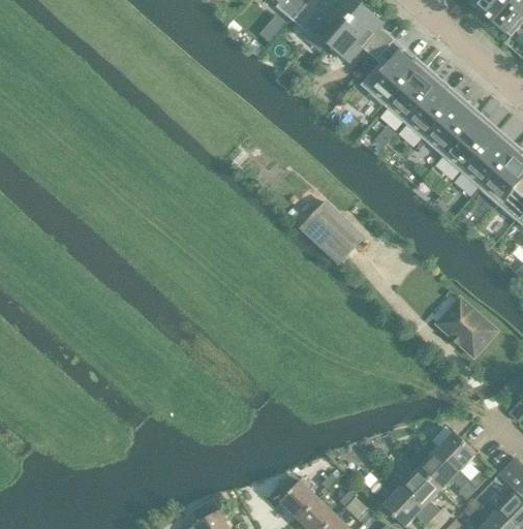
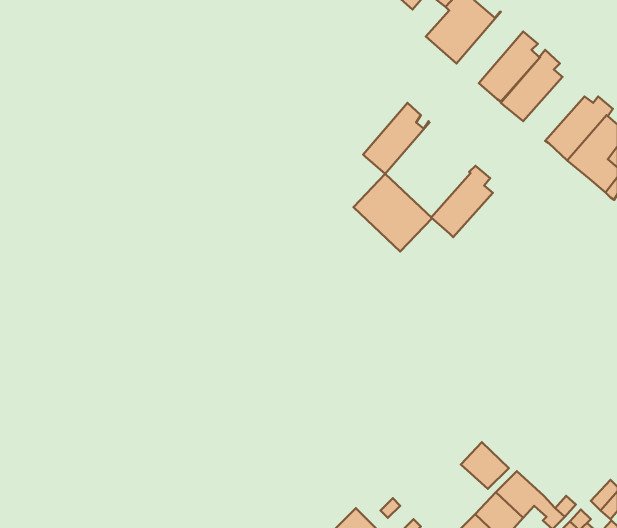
building: [386,63,441,123] -> [363,103,430,174]
building: [441,112,493,172] -> [431,166,493,237]
building: [437,298,496,355] -> none
building: [436,431,476,470] -> [461,442,509,489]

